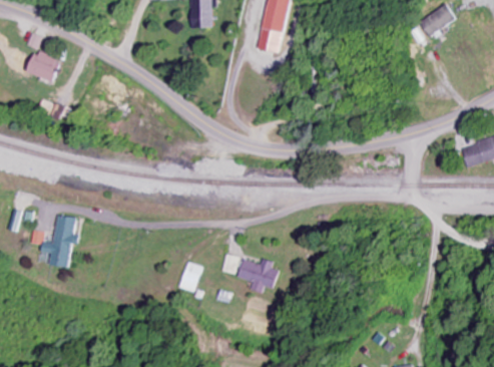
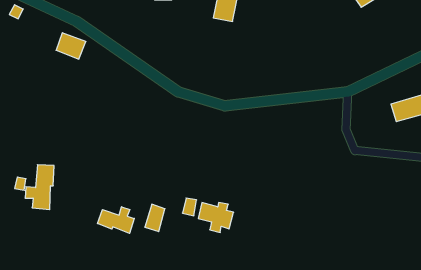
building: [26,51,60,81] -> [56,33,86,59]
building: none -> [98,207,134,233]

